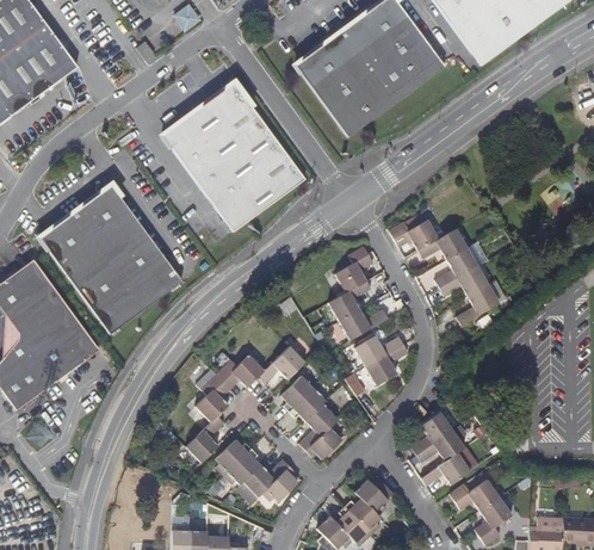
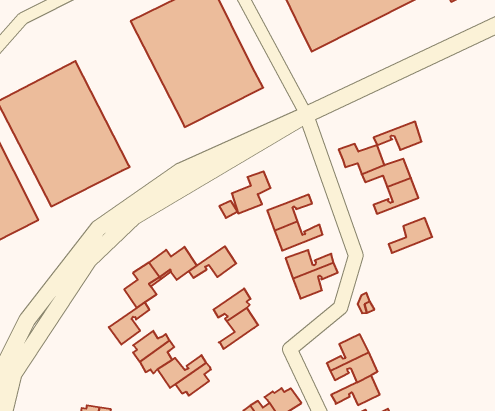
building: [335,246,373,292] -> [232,171,271,213]
building: [439,265,488,296] -> [374,122,422,150]
building: [283,376,317,410] -> none
building: [307,422,344,457] -> none

